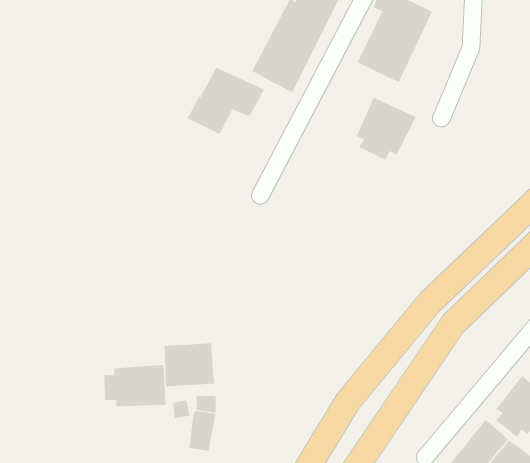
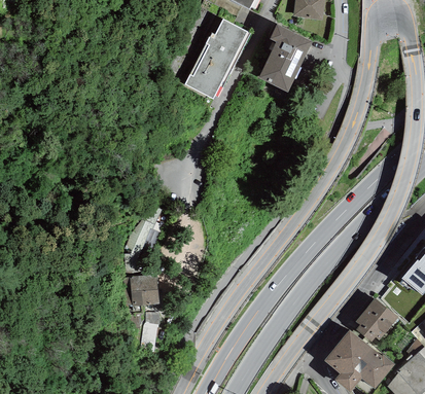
building: [187,67,265,135] -> none
building: [356,97,417,161] -> none
building: [104,364,166,407] -> none

